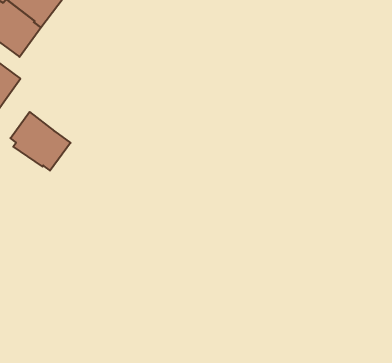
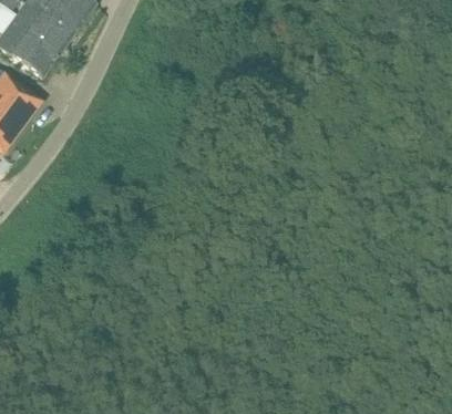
building: [10,112,71,171] -> none

